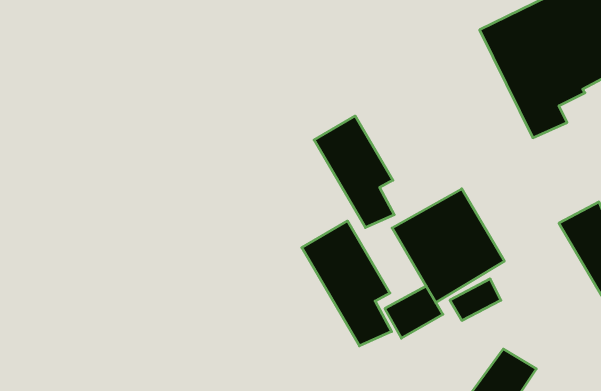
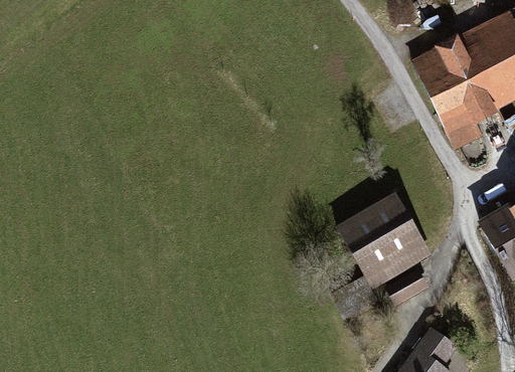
building: [314,116,394,228] -> none
building: [302,221,392,346] -> none

